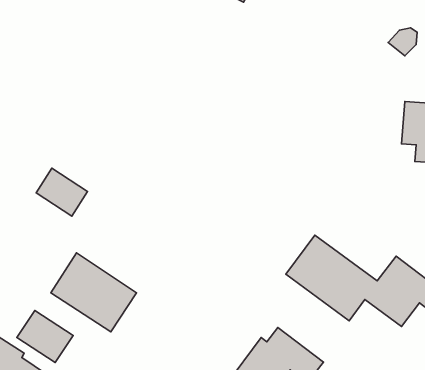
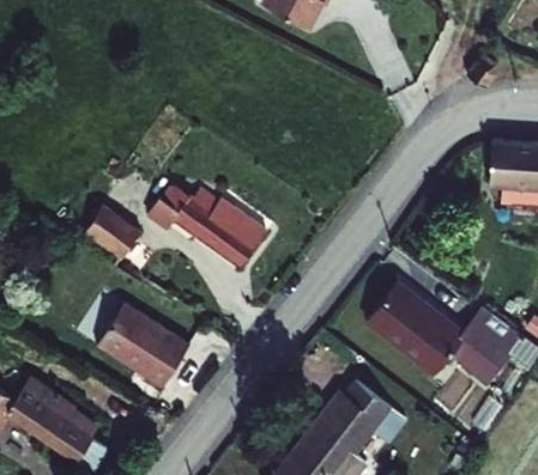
building: none -> [151,189,272,269]
building: [17,311,73,362] -> none

